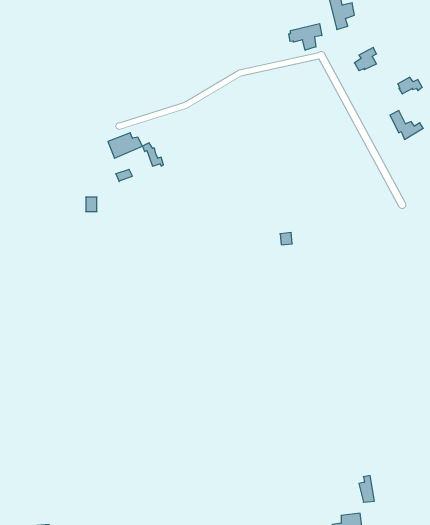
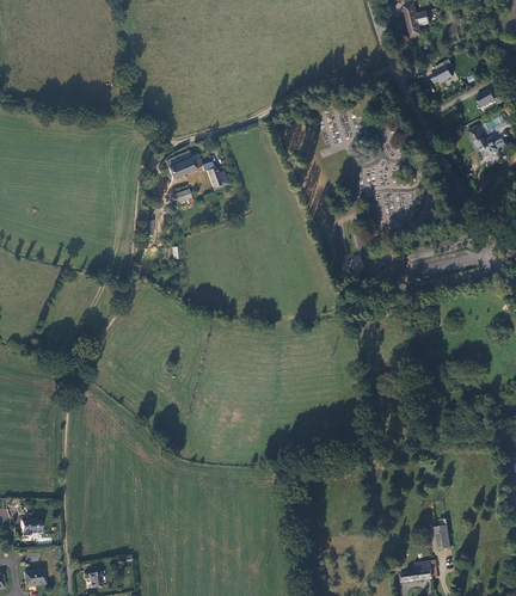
building: [289,24,322,50] -> none

